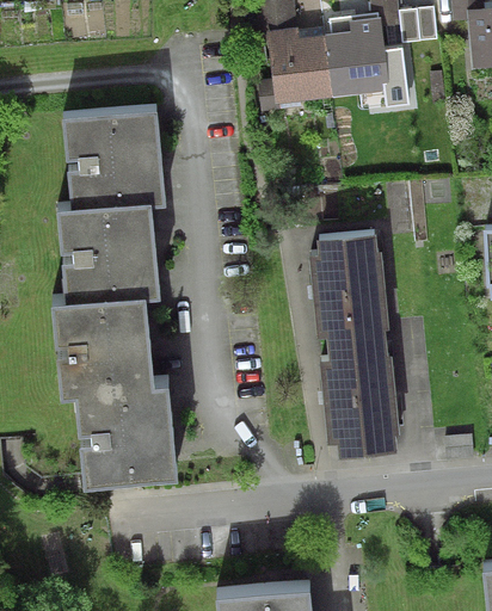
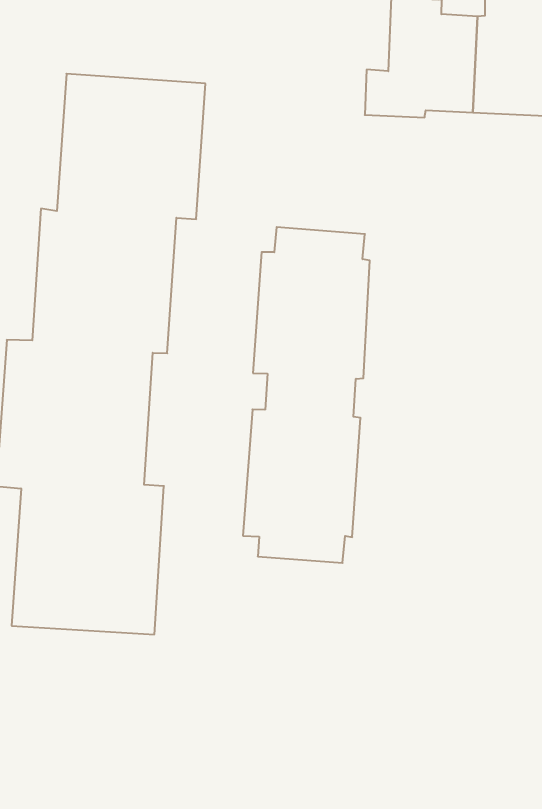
building: [310,232,400,453] -> [243,227,370,563]

